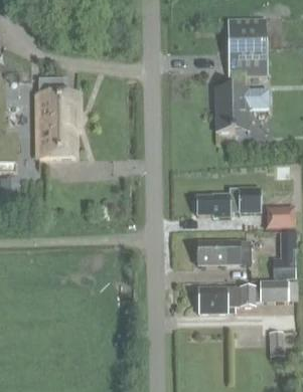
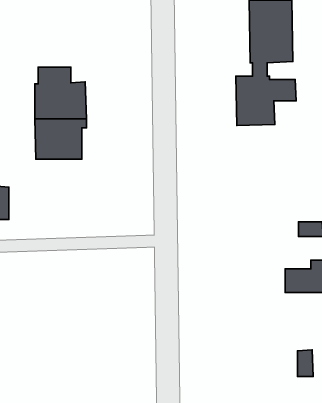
building: [195,187,261,217] -> none
building: [197,242,250,265] -> none
building: [198,281,287,312] -> none

